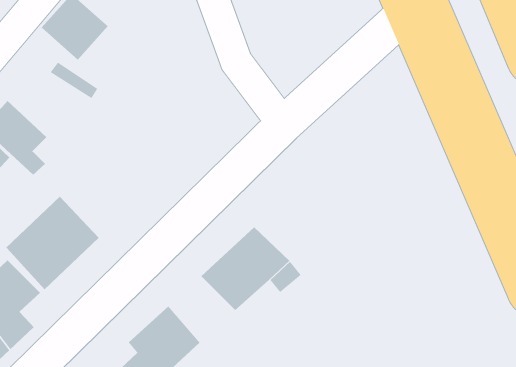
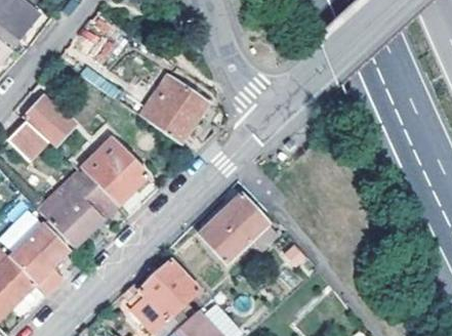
building: none -> [147,79,207,144]
building: none -> [81,137,148,205]

